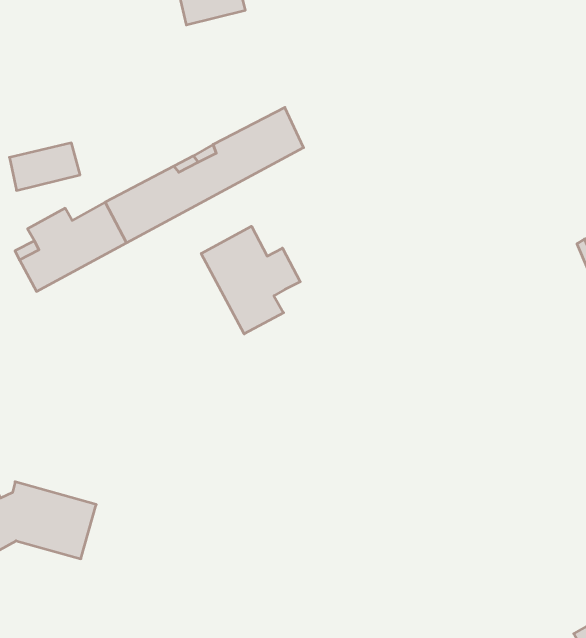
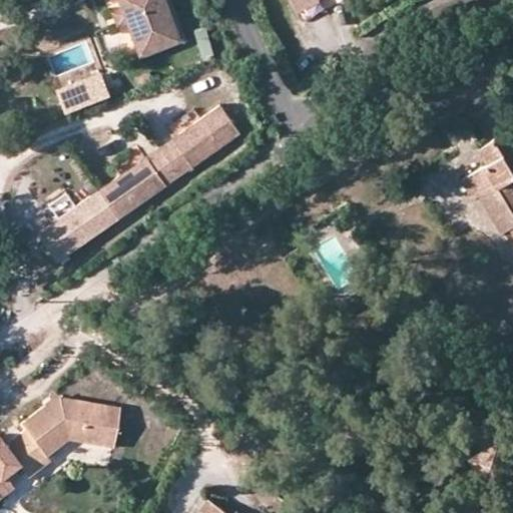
building: [9,143,80,190] -> [60,72,112,111]
building: [201,226,300,334] -> none

